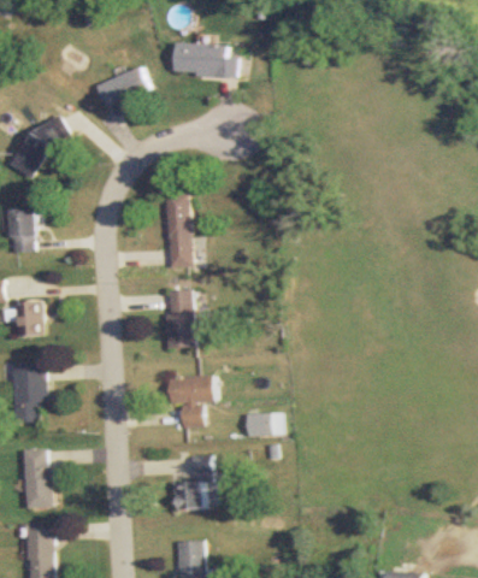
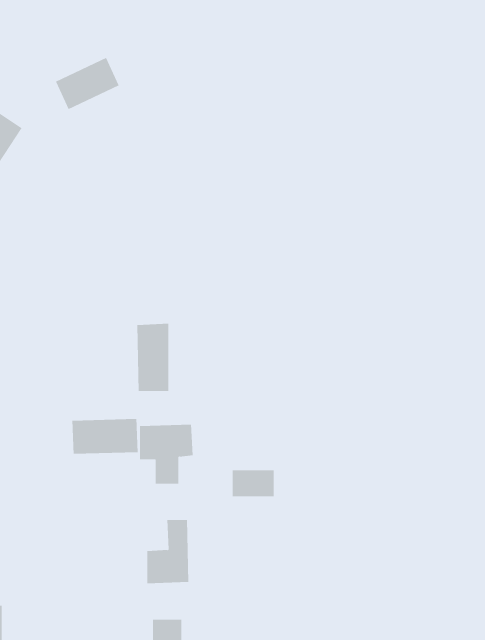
building: [173,45,236,76] -> none
building: [169,194,191,267] -> none
building: none -> [72,418,138,454]

